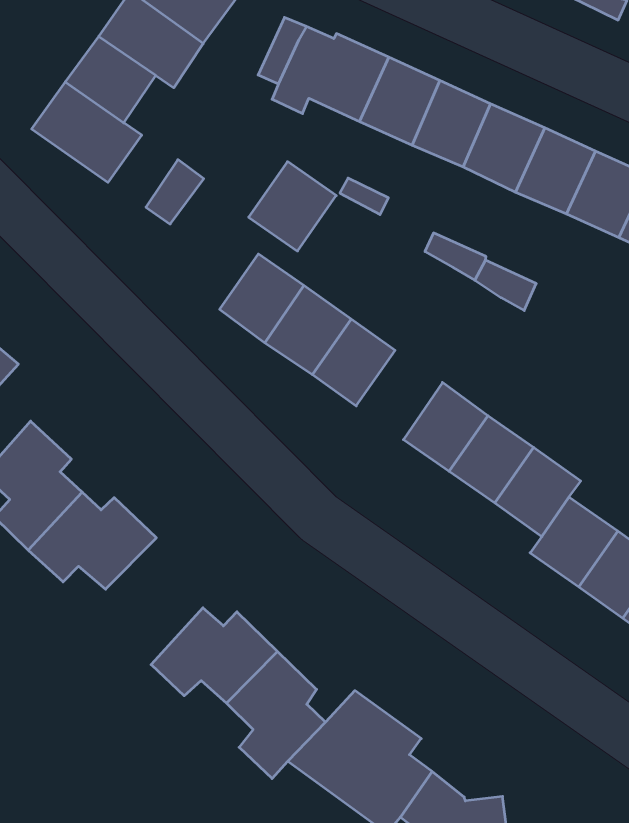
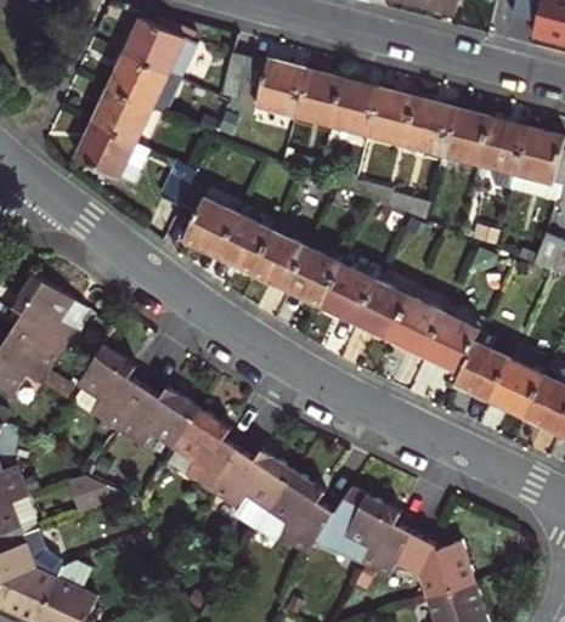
building: [249,162,336,251] -> [181,196,237,254]
building: none -> [320,261,374,320]
building: none -> [174,413,241,498]

